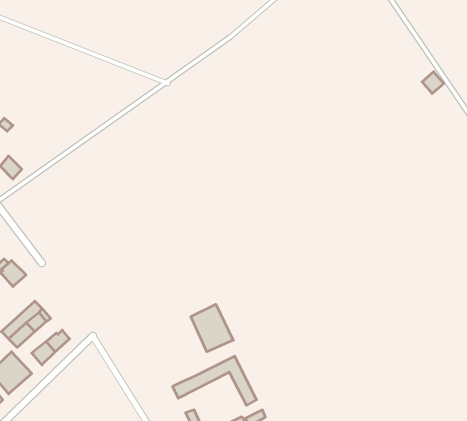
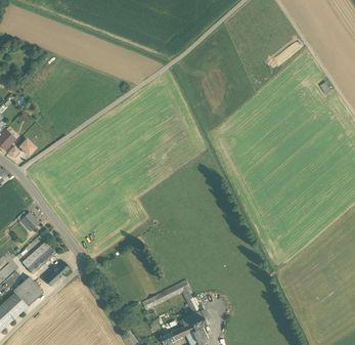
building: [191,304,233,352] -> none

